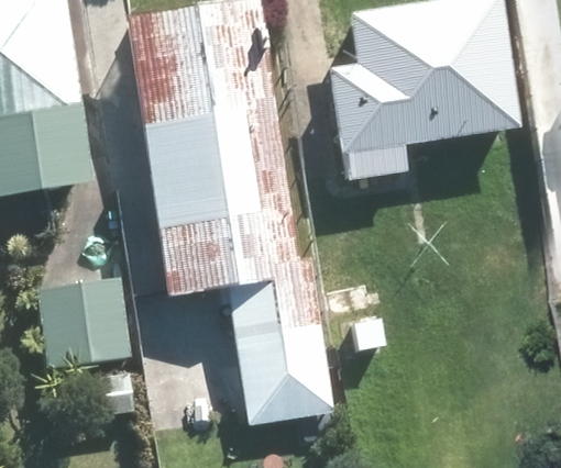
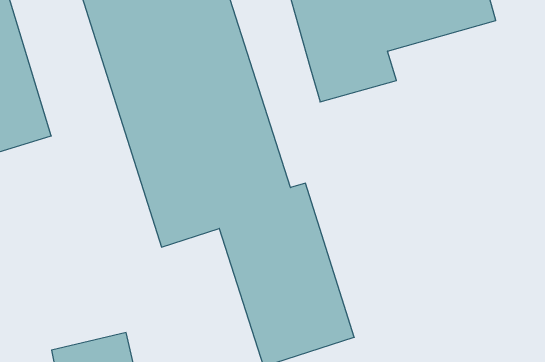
building: [33,275,131,367] -> none

